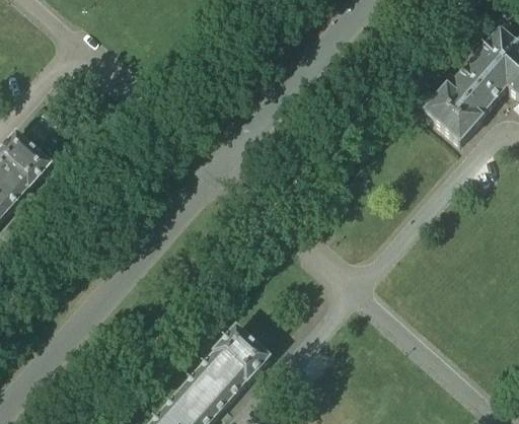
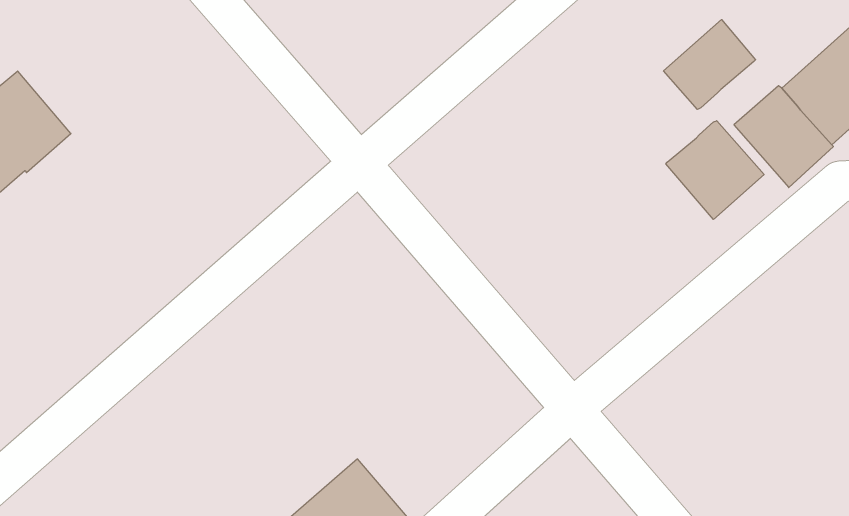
building: none -> [664,20,756,109]
building: none -> [666,121,764,219]

